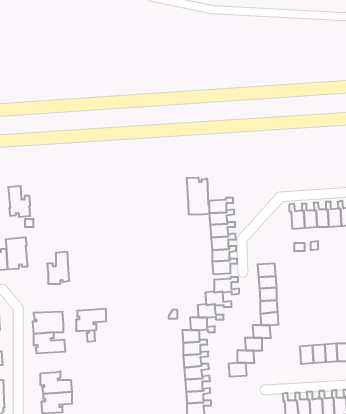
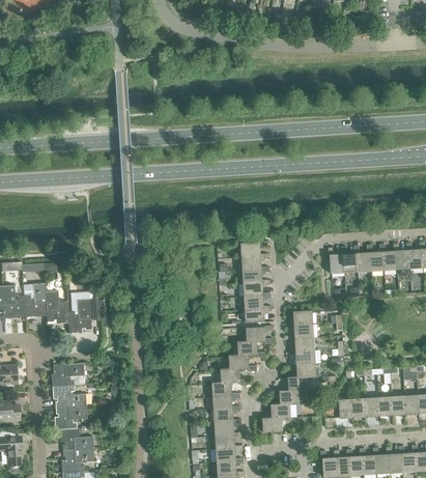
building: [187,177,209,215] -> none
building: [8,186,30,217] -> [44,290,67,324]
building: [76,309,106,331] -> [54,405,86,429]

